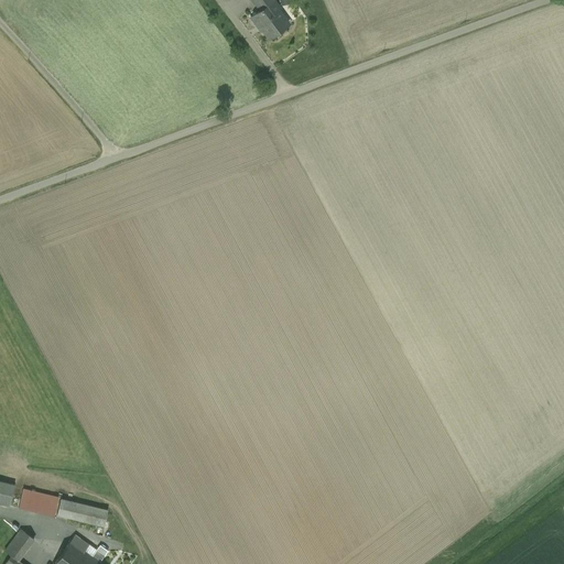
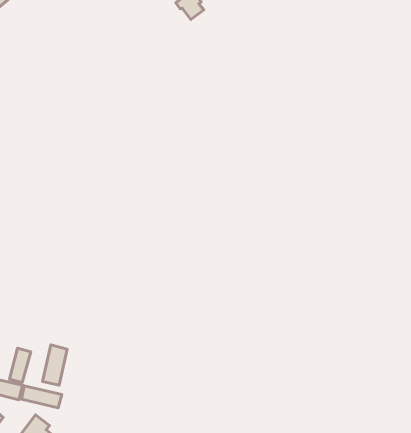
building: none -> [42,345,67,385]
building: none -> [10,348,31,382]

